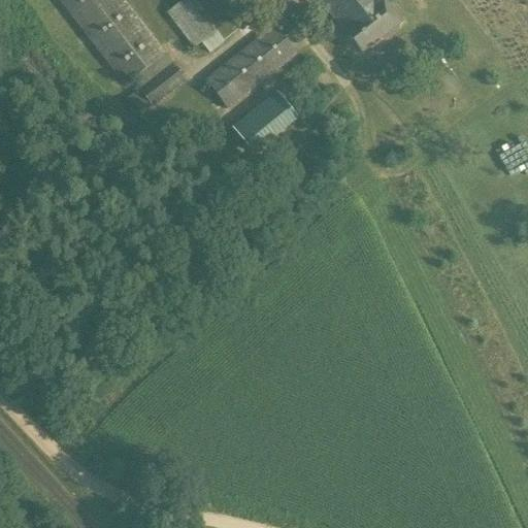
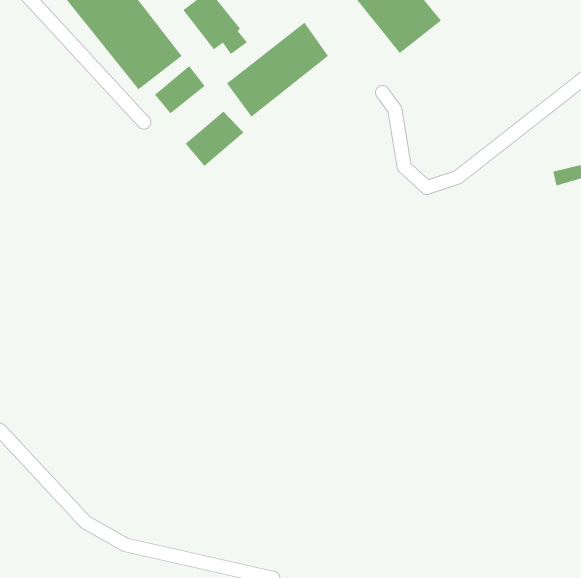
building: [231,96,285,146] -> [185,111,244,167]

